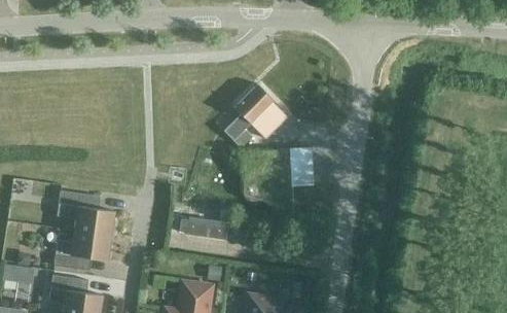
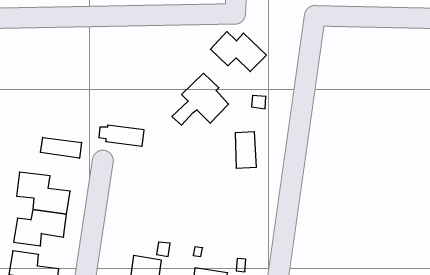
building: none -> [210,32,266,72]
building: none -> [41,137,82,158]
building: [179,217,227,240] -> [99,125,144,146]

